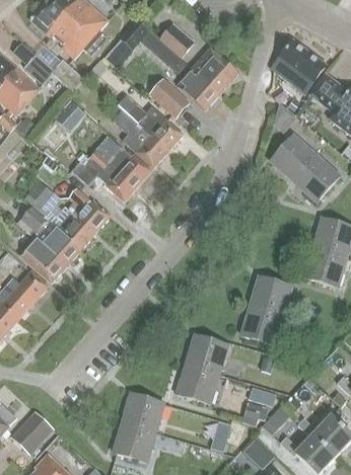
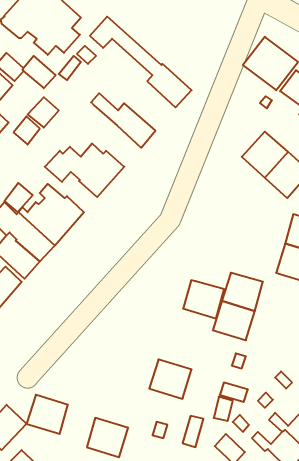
building: [156,21,193,57] -> none
building: [190,46,237,93] -> none
building: [146,77,189,118] -> none
building: [112,108,168,167] -> none
building: [186,335,227,374] -> [183,280,224,319]
building: [122,393,163,432] -> [27,395,68,434]

